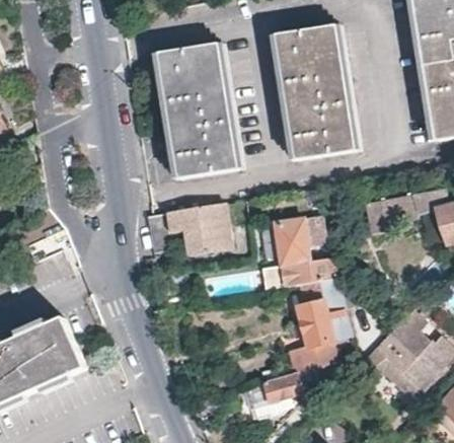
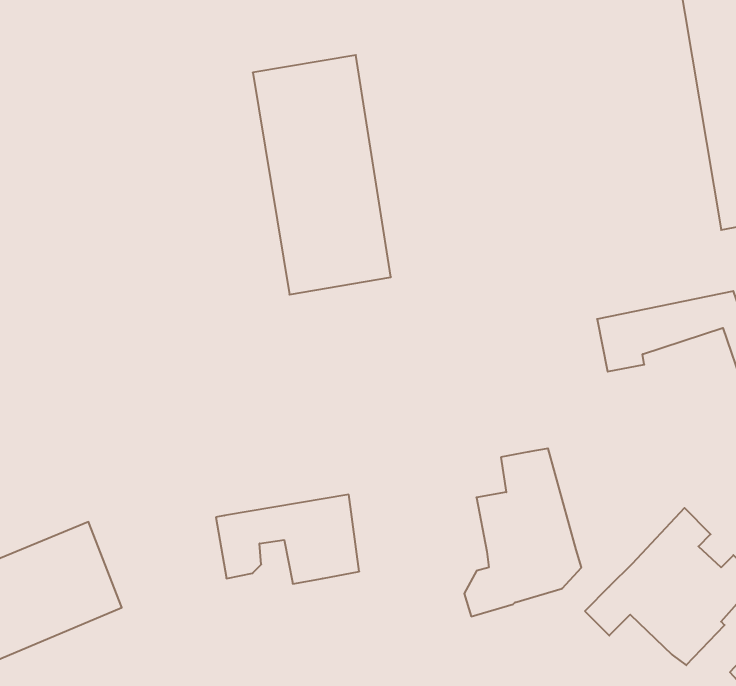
building: [278,27,361,165] -> none
building: [144,201,227,252] -> [216,495,359,584]
building: [258,213,333,288] -> none
building: [263,364,318,399] -> none

